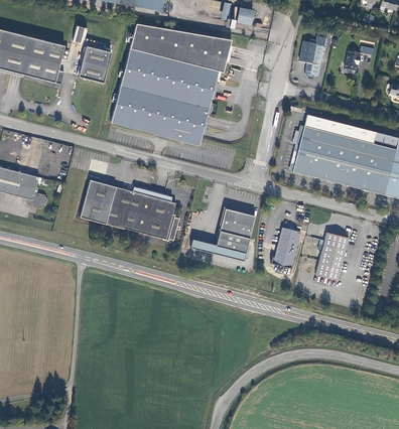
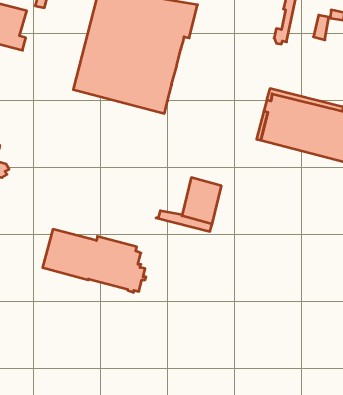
building: [78,45,111,83] -> none
building: [80,179,180,241] -> [43,229,146,292]
building: [272,227,300,268] -> none
building: [315,232,348,280] -> none

